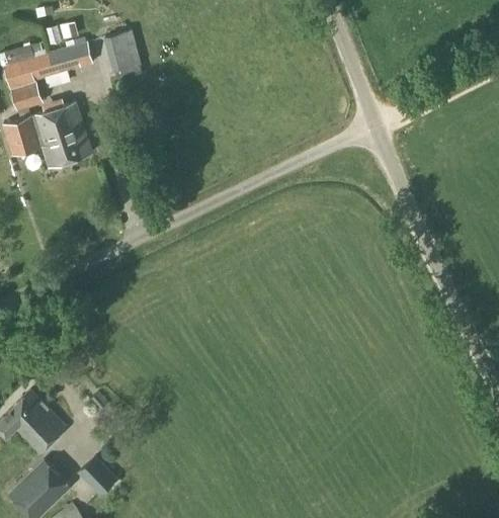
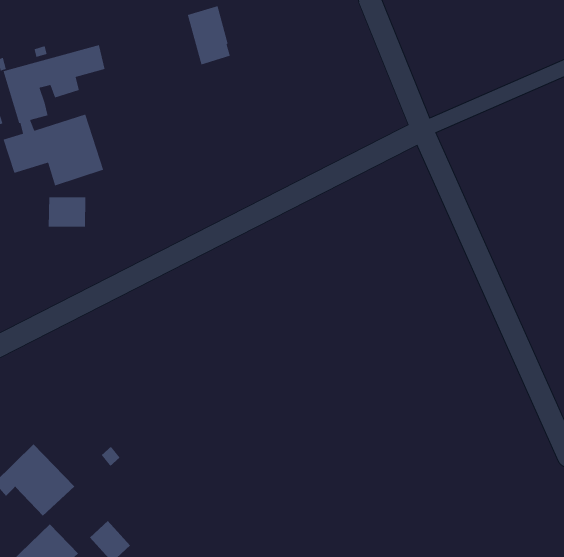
building: [104,29,143,82] -> [187,5,231,65]
building: none -> [48,197,86,227]

